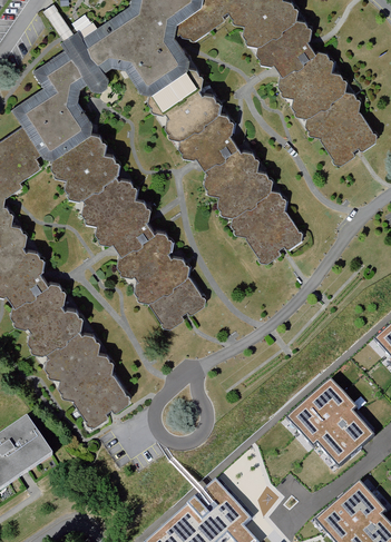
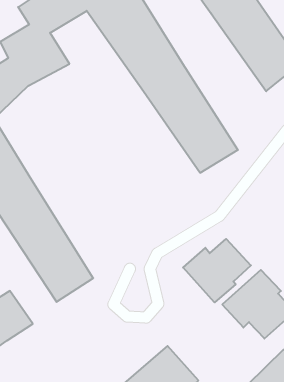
building: [48,134,209,329] -> none
building: none -> [183,239,251,302]

